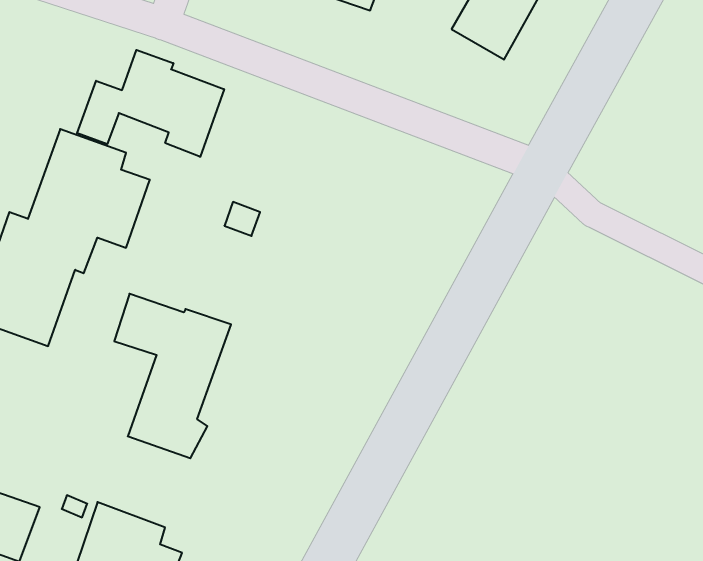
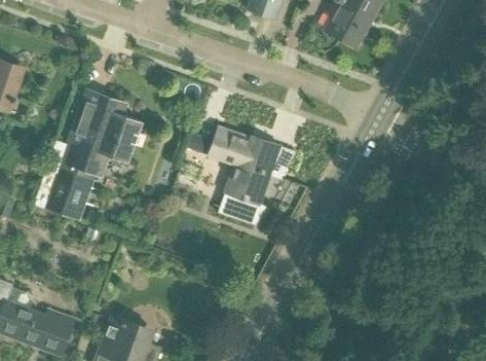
building: [77,50,224,157] -> none
building: [114,294,231,458] -> [210,127,281,226]

